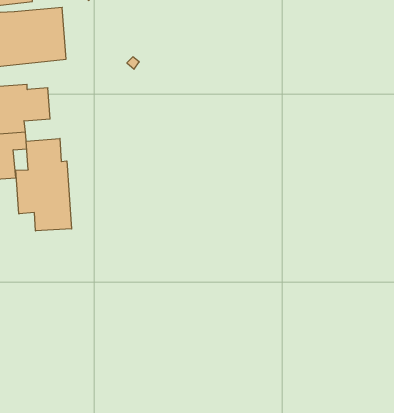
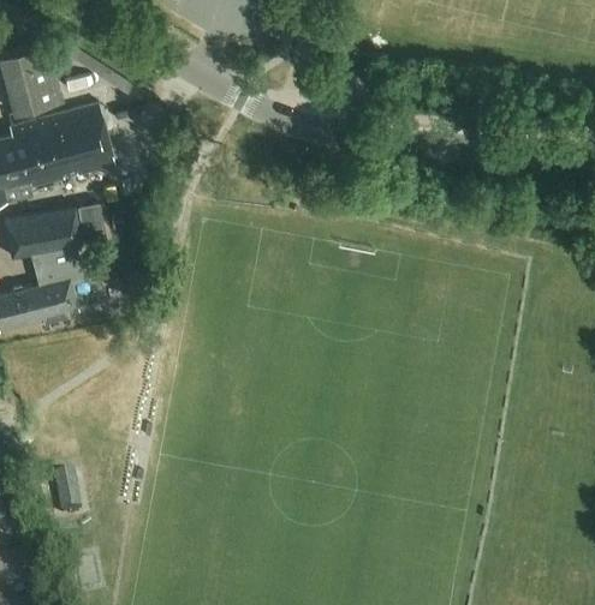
building: [16,138,72,231] -> none

